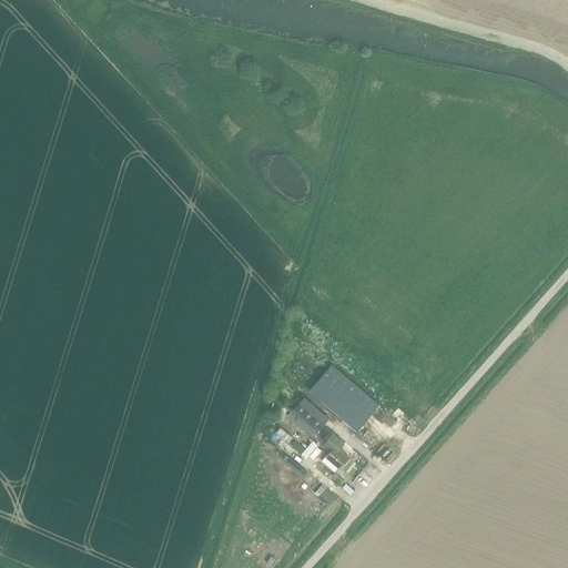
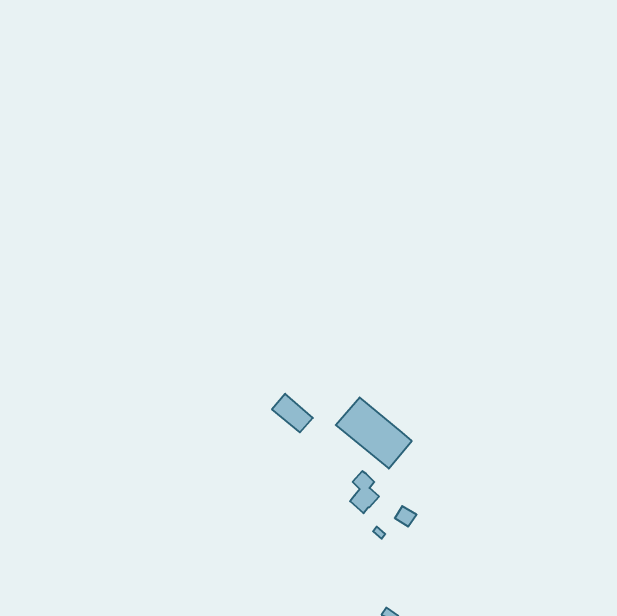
building: [292,397,329,433] -> [272,394,313,432]

